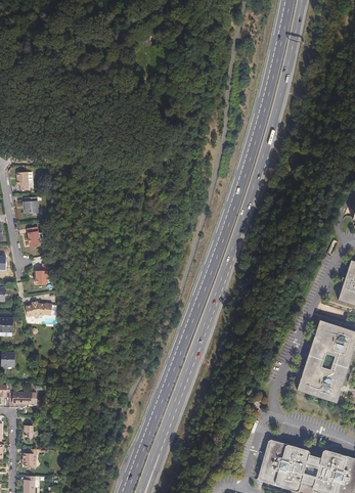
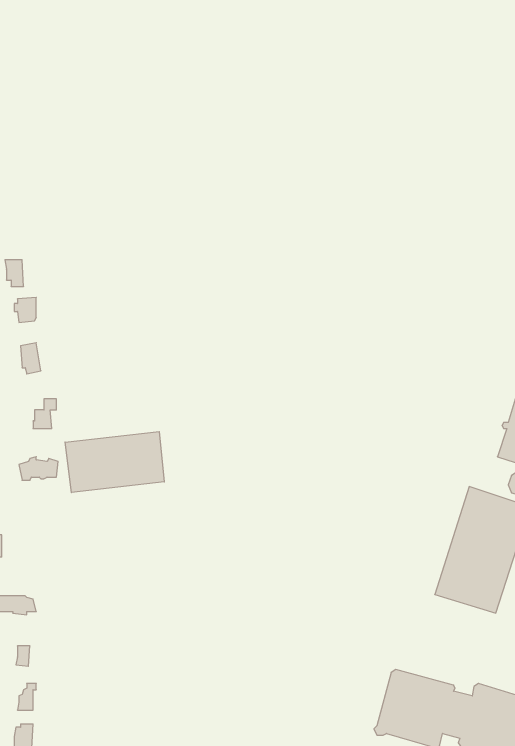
building: none -> [65,432,164,493]

